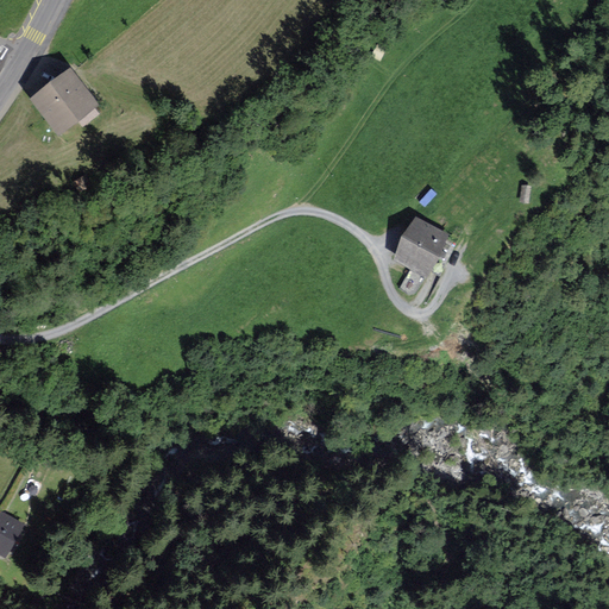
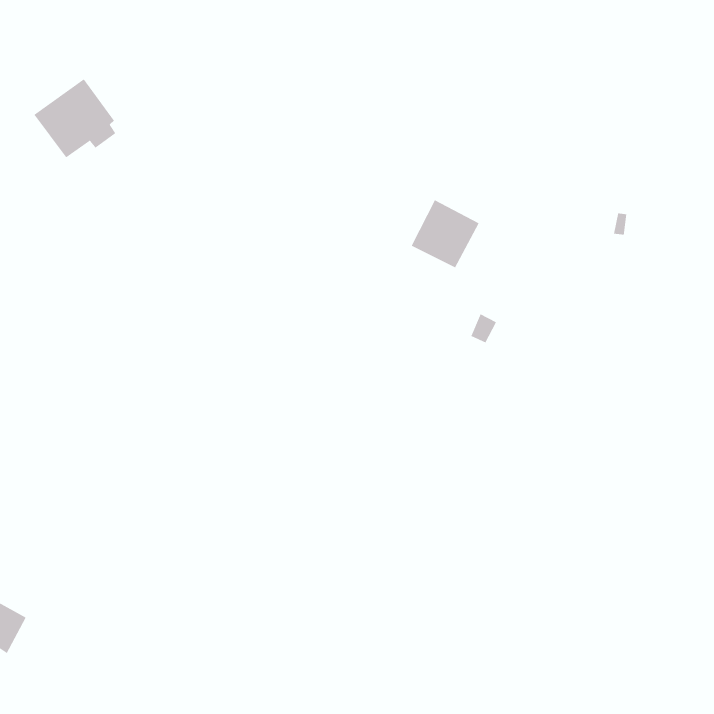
building: [390,214,448,272] -> [411,200,479,268]

